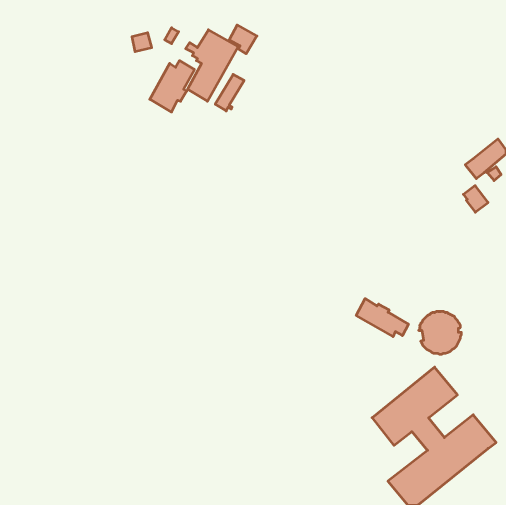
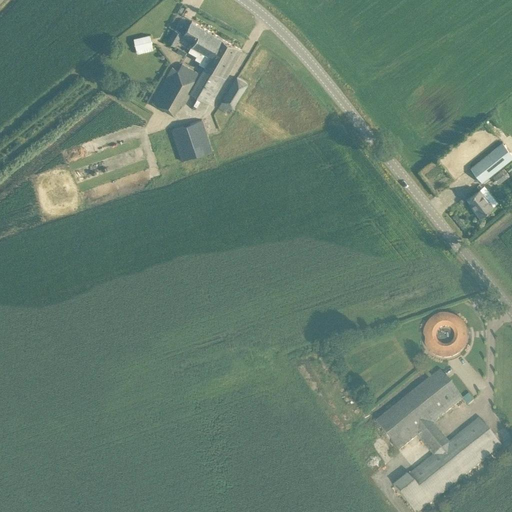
building: [229,25,257,54] -> [182,19,210,48]
building: none -> [170,117,211,159]
building: [356,299,408,337] -> none

